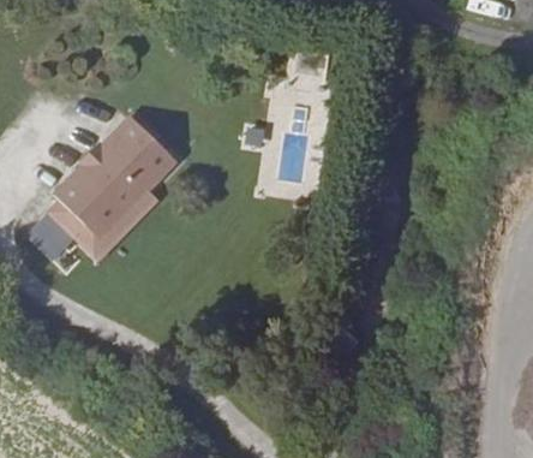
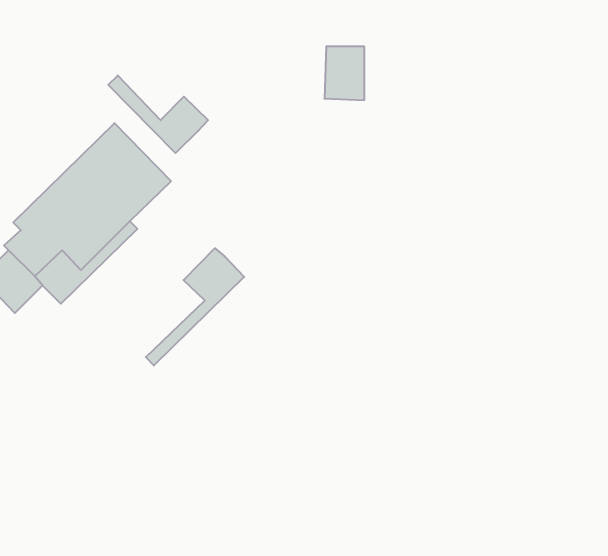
building: none -> [108,75,208,153]
building: none -> [146,248,244,366]

